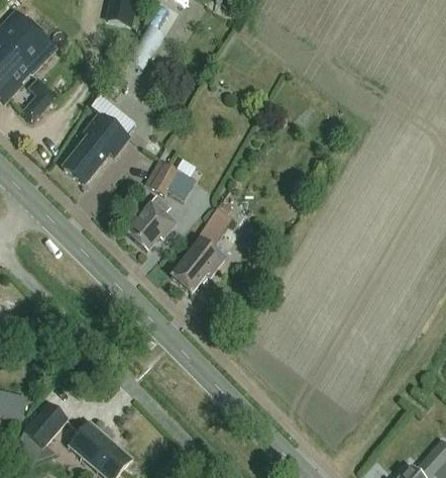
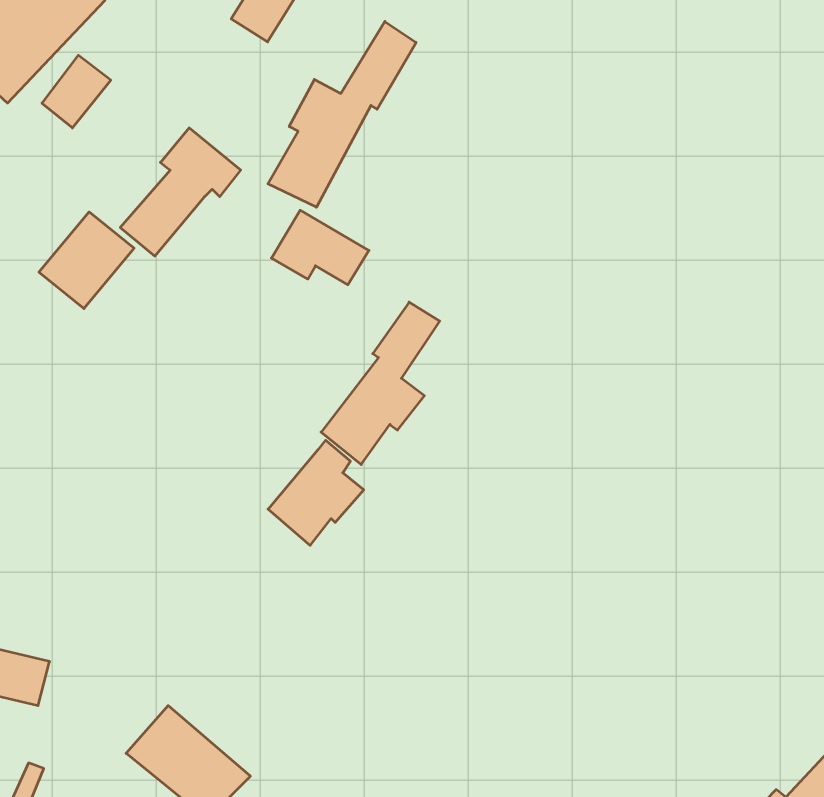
building: none -> [268,21,416,207]
building: none -> [39,212,134,309]
building: [125,195,176,251] -> [268,440,364,545]
building: [22,402,69,450] -> none

